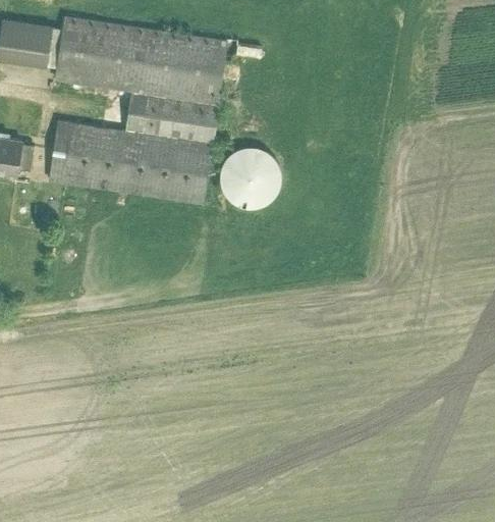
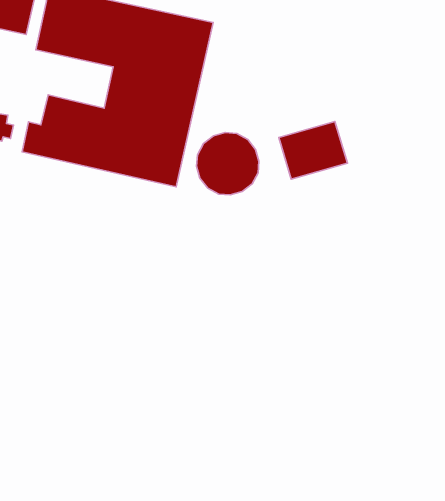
building: none -> [279,122,347,179]

